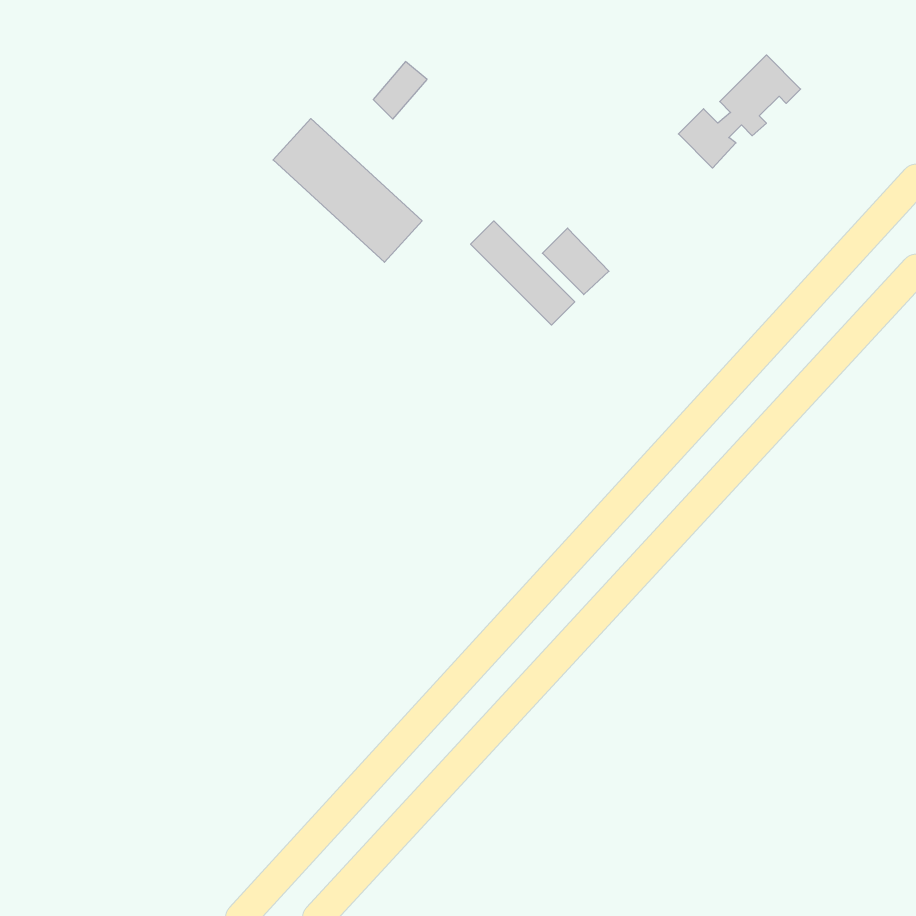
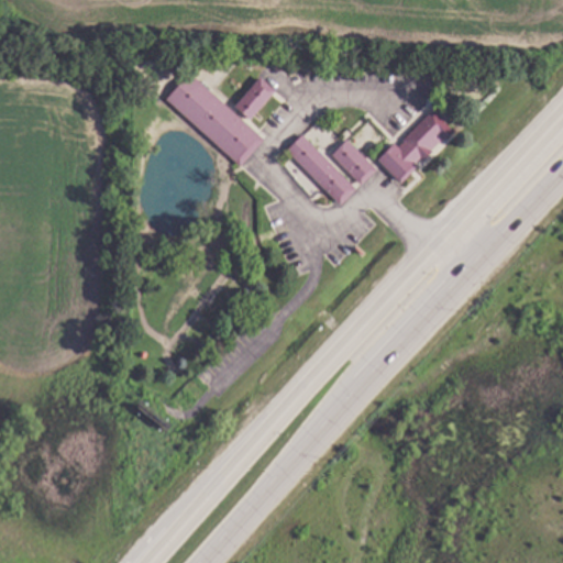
building: [678,55,801,168] -> [378,111,453,180]
building: [373,62,427,119] -> [238,85,271,120]

